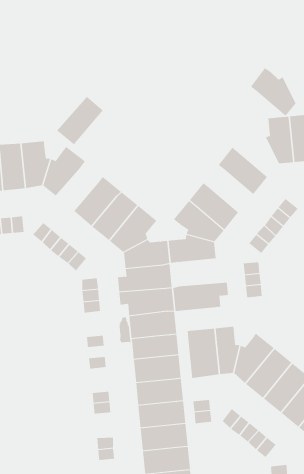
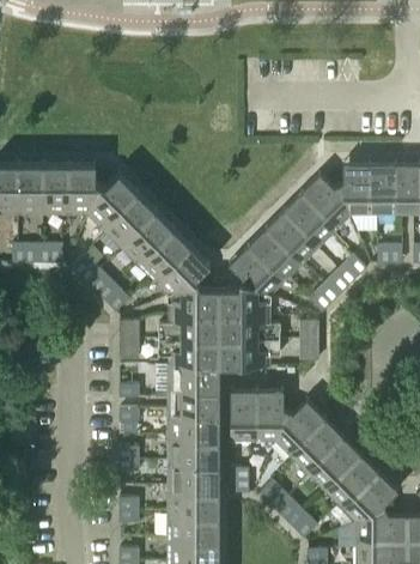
building: [250,67,296,116] -> [302,171,351,228]
building: [57,96,103,145] -> [102,190,156,243]
building: none -> [266,208,319,263]
building: none -> [220,311,281,339]

